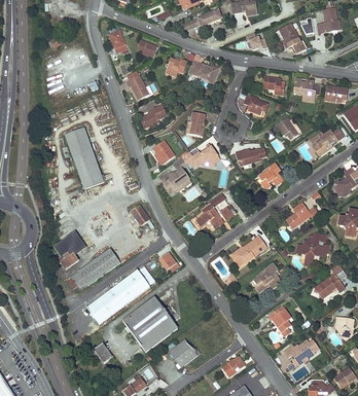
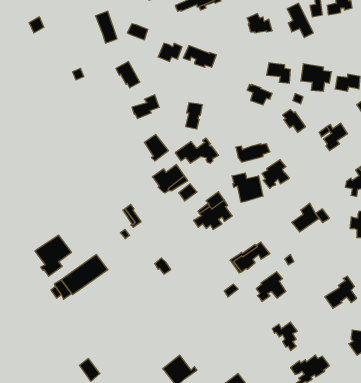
building: [65,127,103,188] -> none
building: none -> [232,173,263,202]
building: [295,231,329,262] -> none
building: [86,266,154,324] -> none
building: [122,295,177,350] -> none

